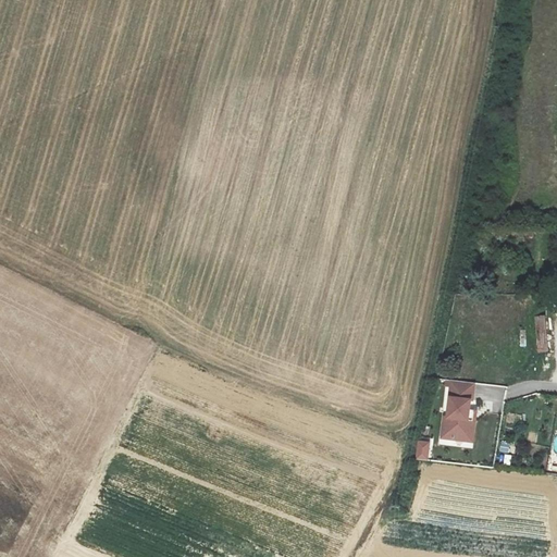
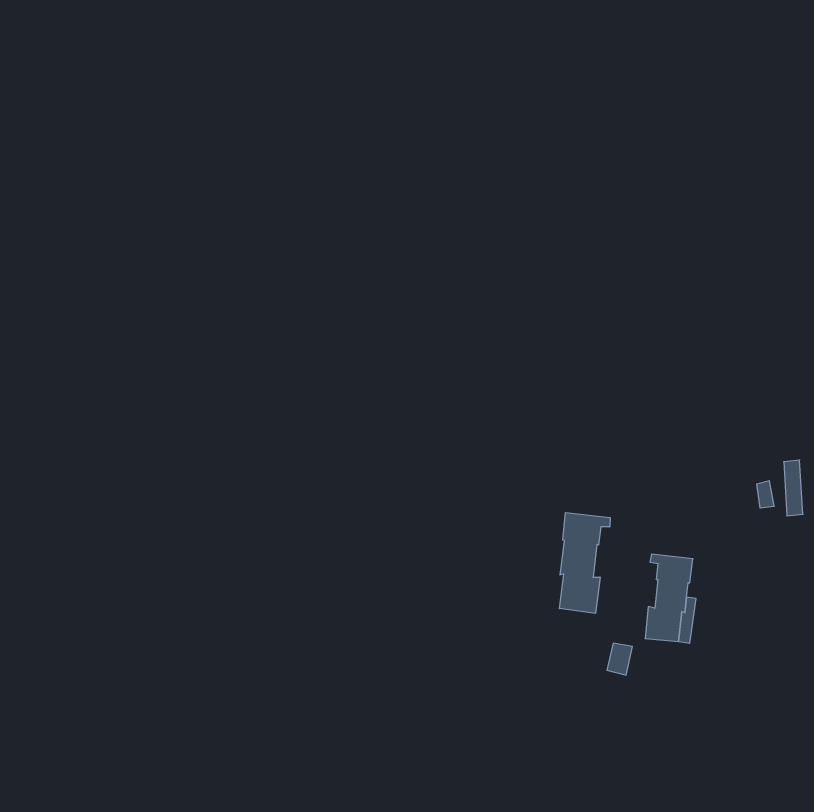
building: none -> [559,513,610,613]

